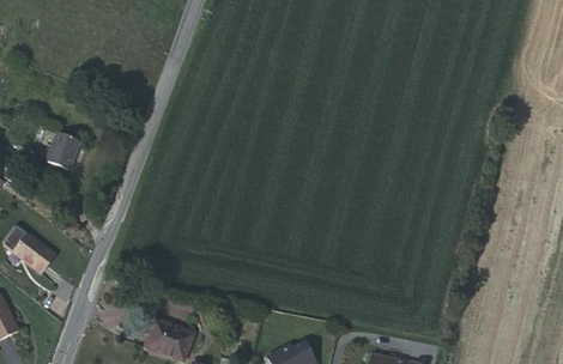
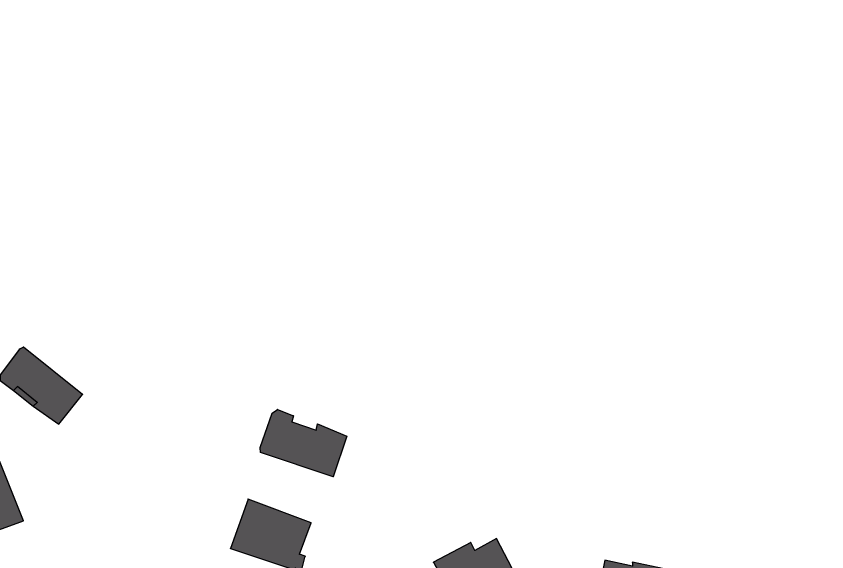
building: [46,132,80,170] -> none
building: none -> [260,409,347,477]

